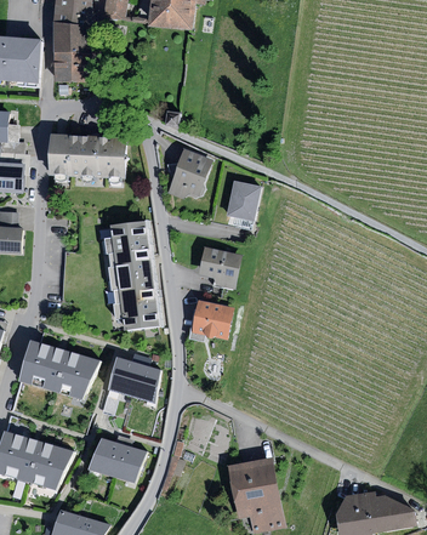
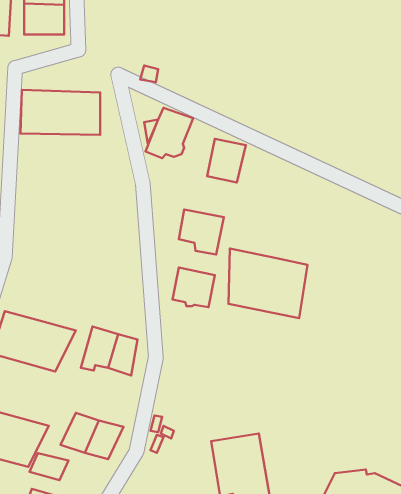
building: [103,218,160,331] -> none
building: none -> [228,249,307,318]
building: none -> [30,453,69,480]

